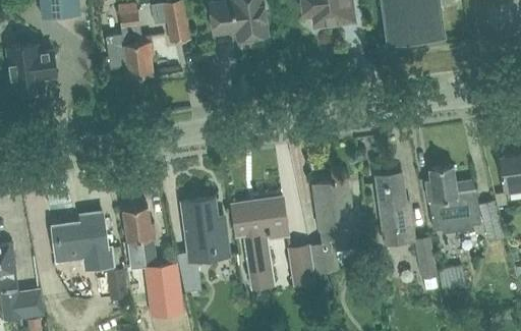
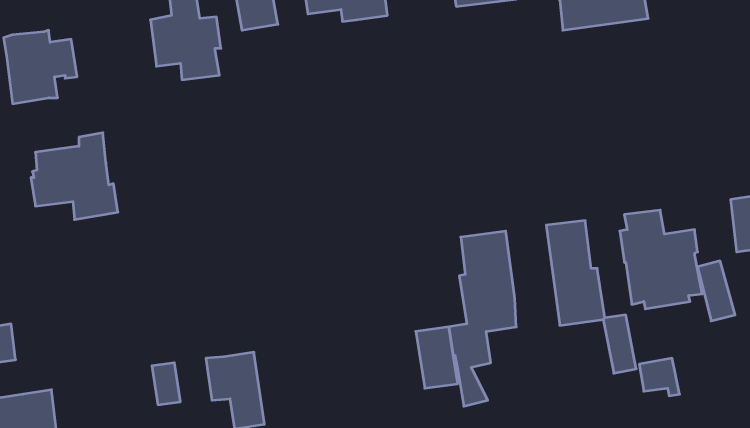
building: [232,198,288,287] -> none
building: [177,199,229,293] -> none
building: [123,208,157,270] -> none
building: [54,213,113,272] -> [31,133,118,220]

